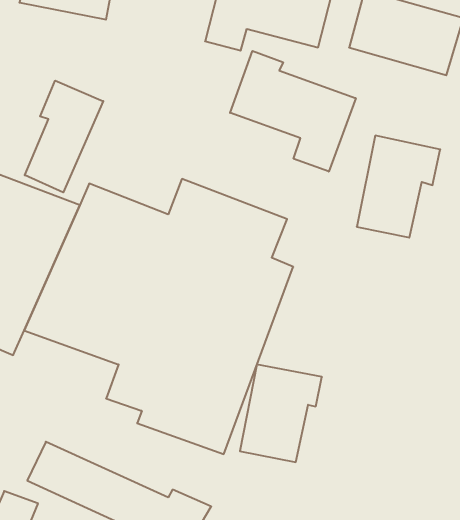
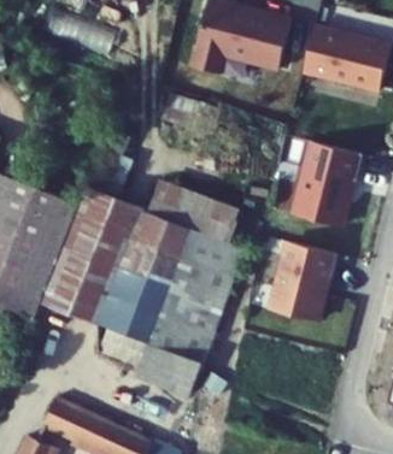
building: [230,51,356,172] -> none
building: [25,81,103,192] -> none
building: [240,365,322,462] -> [275,247,339,323]

